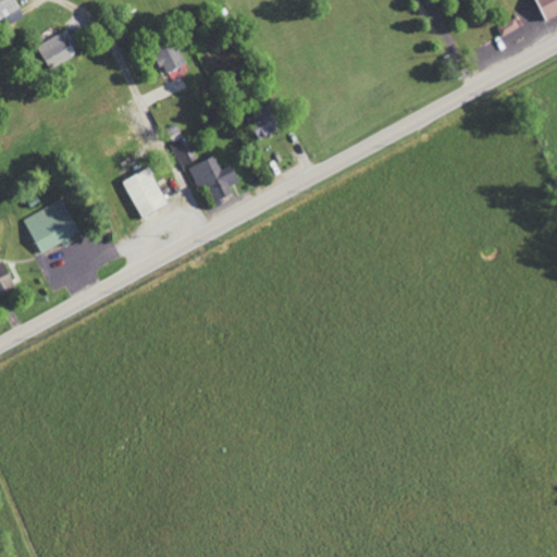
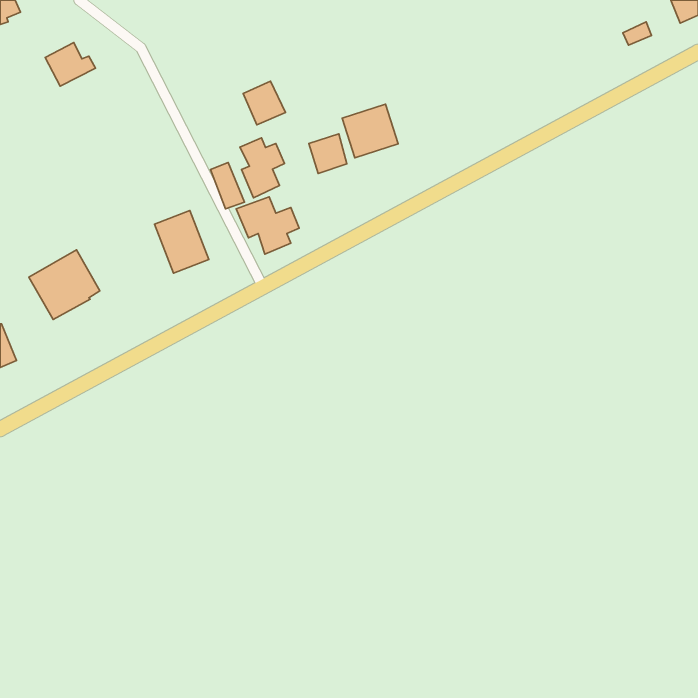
building: [152,39,186,74] -> [243,81,285,125]
building: none -> [342,104,398,158]
building: none -> [240,138,284,198]

